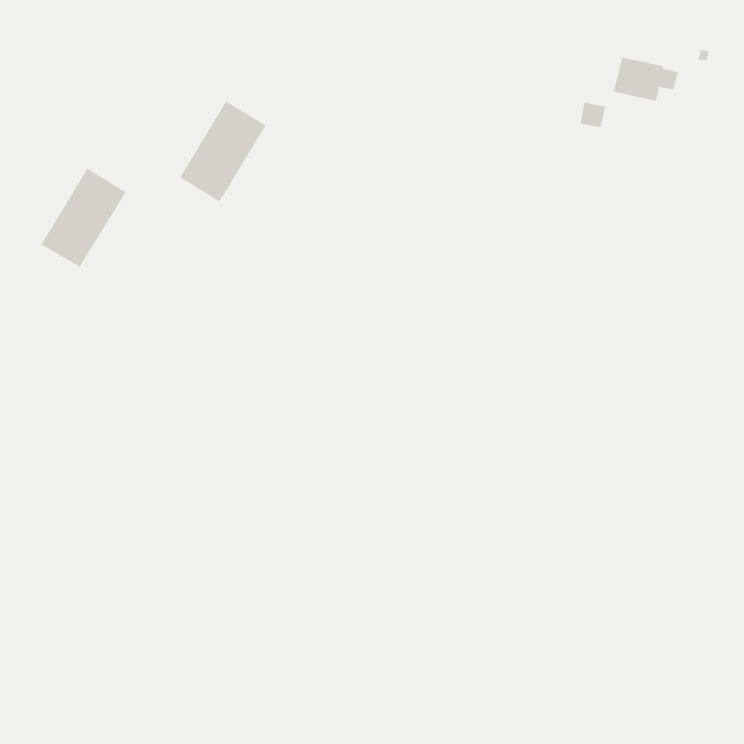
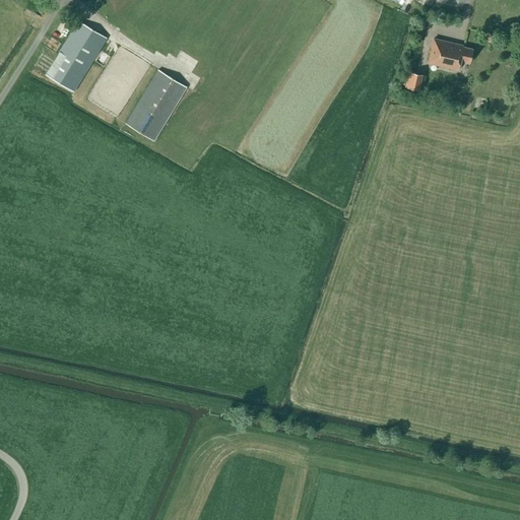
building: [41,167,126,268] -> [46,21,106,91]

